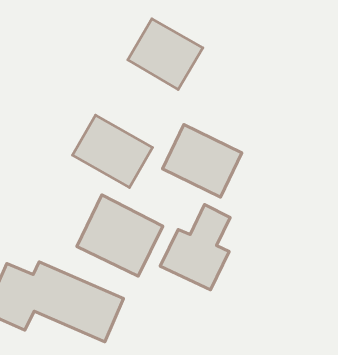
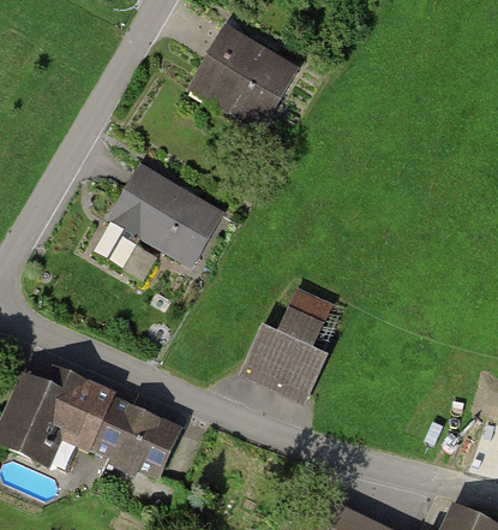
building: [162,125,242,197] -> none
building: [77,195,163,276] -> none

